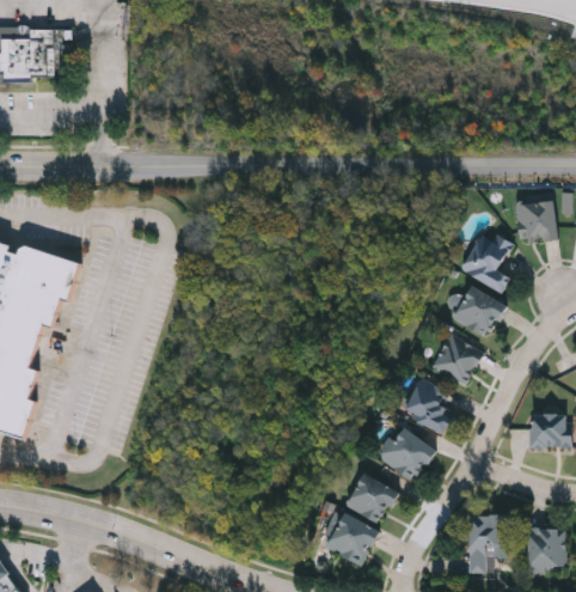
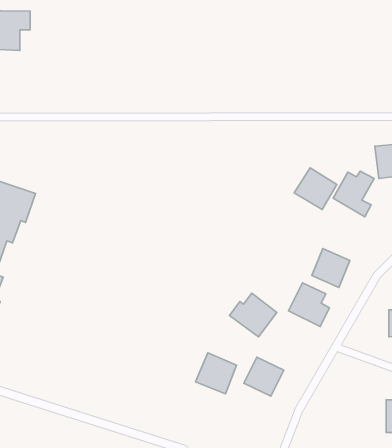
building: [452,285,507,338] -> [294,168,337,210]
building: [375,426,436,482] -> [230,293,277,337]
building: [325,513,378,566] -> [196,353,237,394]
building: [467,514,507,574] -> none

